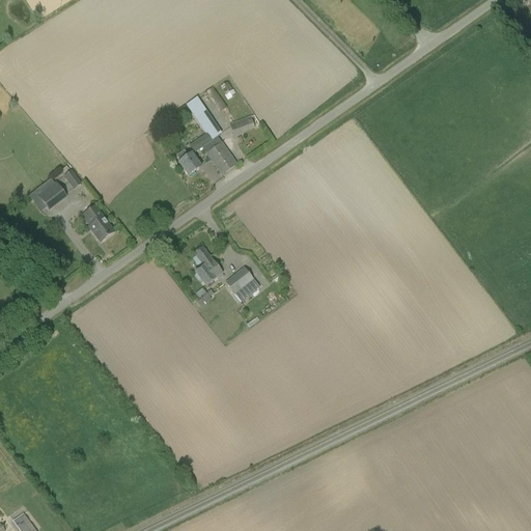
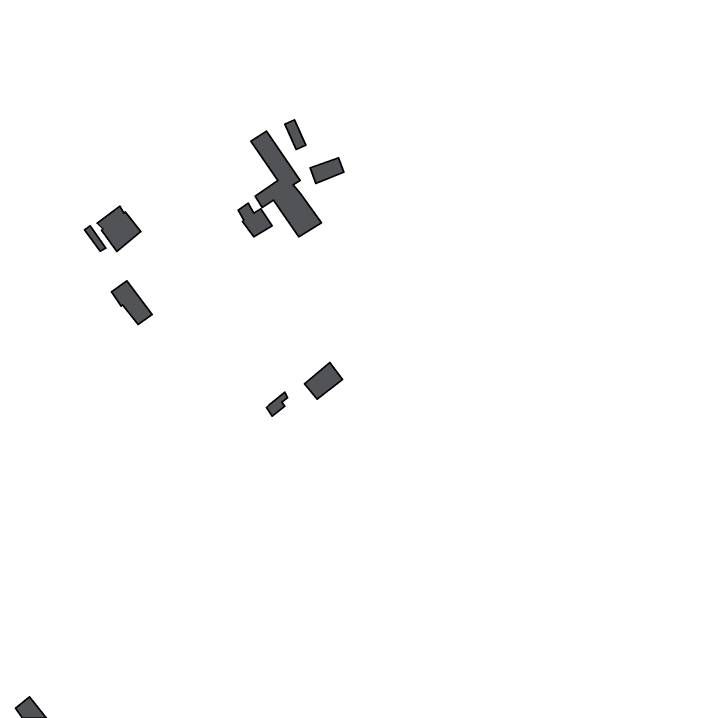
building: [33,177,65,211] -> [97,206,141,251]
building: [192,246,222,285] -> none

